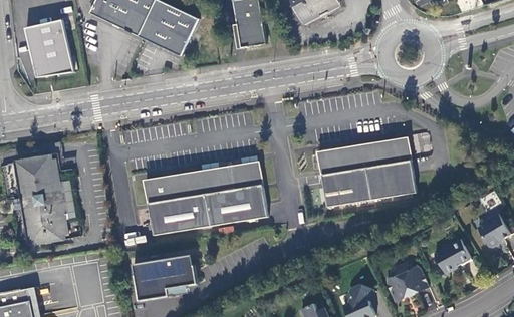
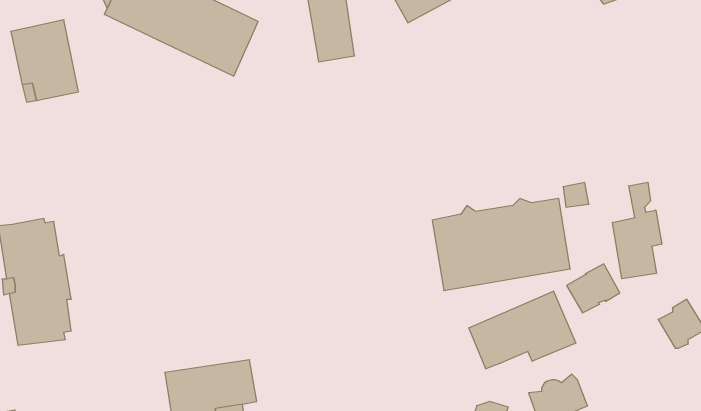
building: none -> [613,182,662,279]
building: [146,165,266,234] -> none
building: none -> [469,291,576,369]
building: [434,238,471,272] -> [567,264,620,313]

